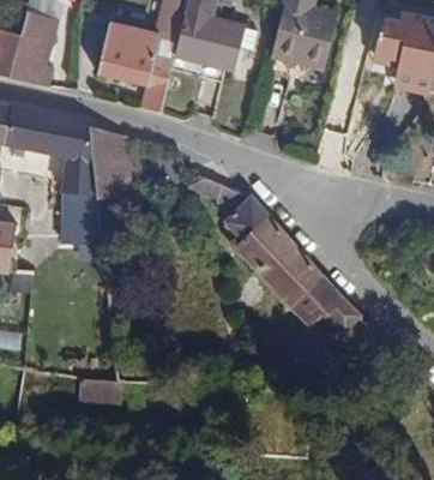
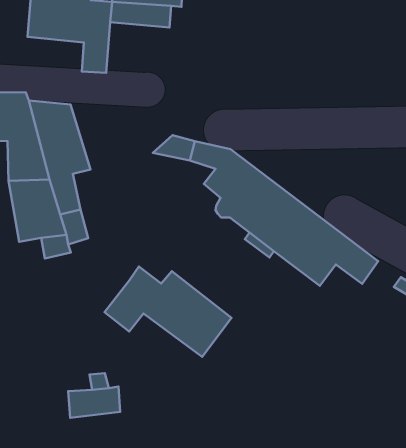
building: none -> [105,267,232,357]

